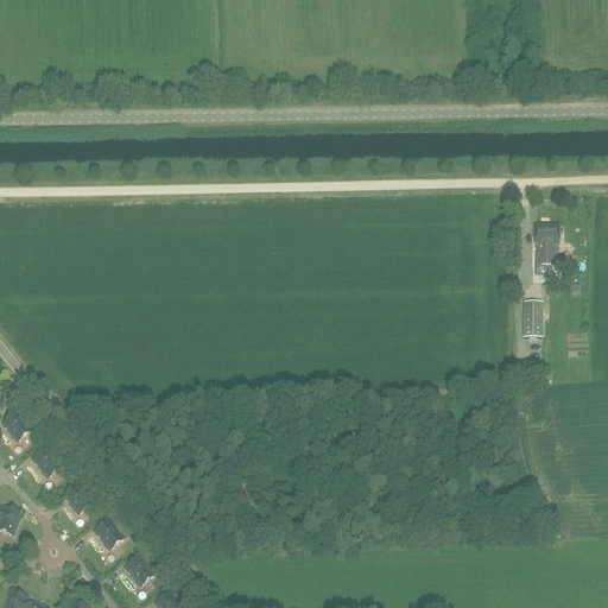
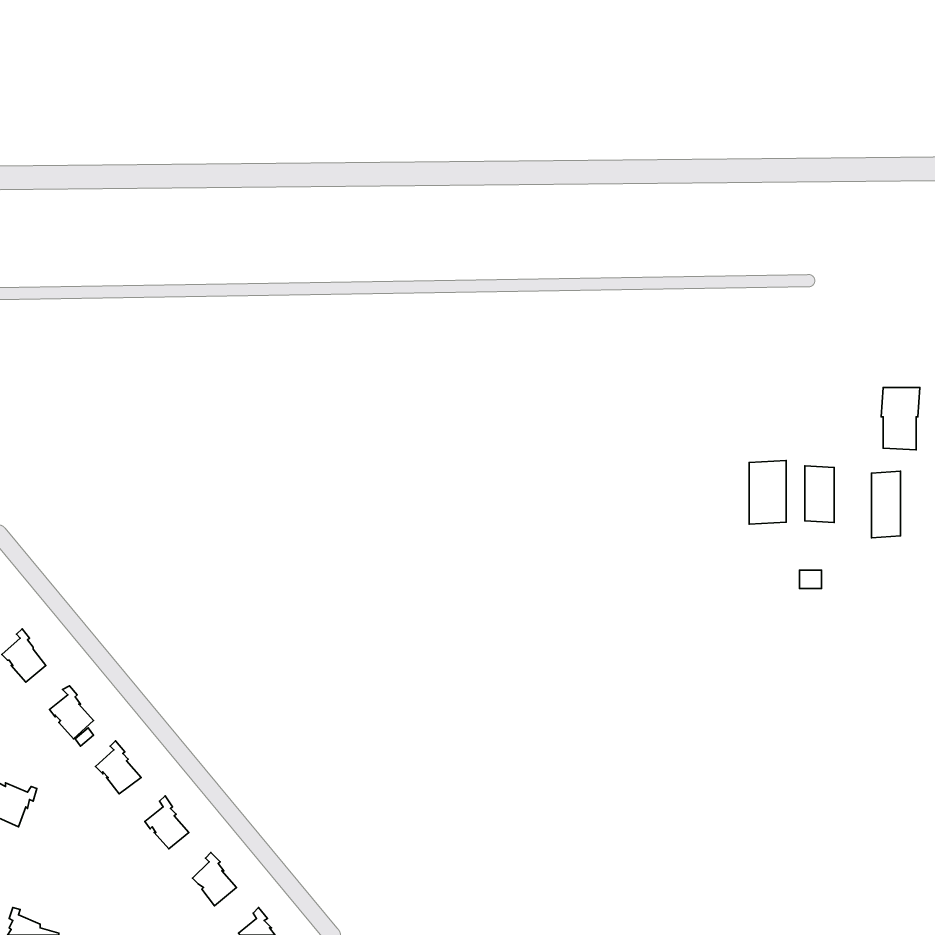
building: [533,227,558,267] -> [881,388,920,450]
building: none -> [749,461,786,524]
building: none -> [872,471,900,538]

